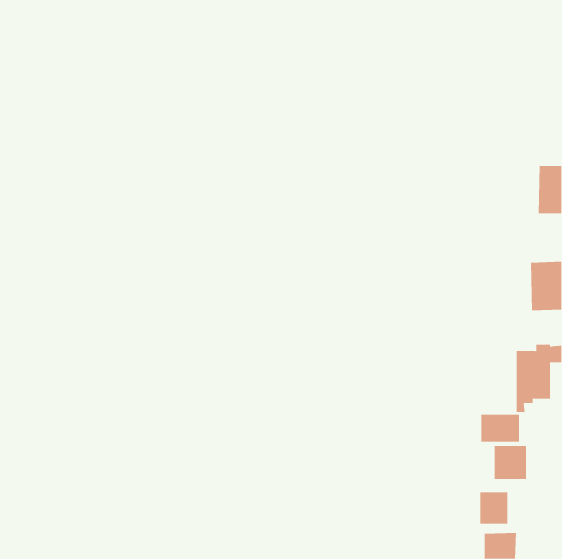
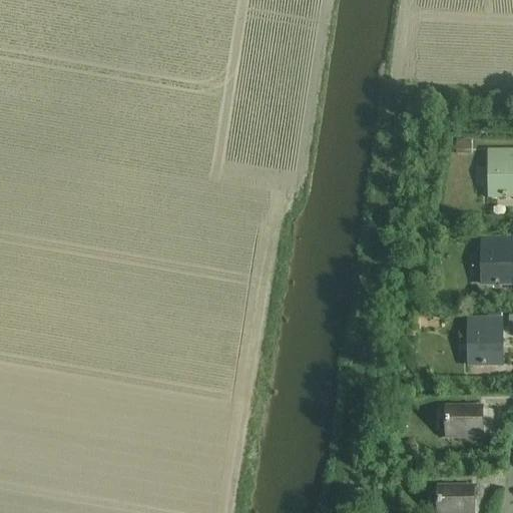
building: [481,414,519,442] -> none
building: [480,492,508,525] -> none

